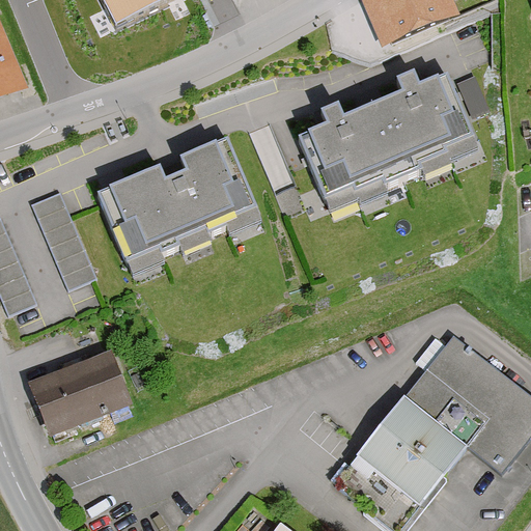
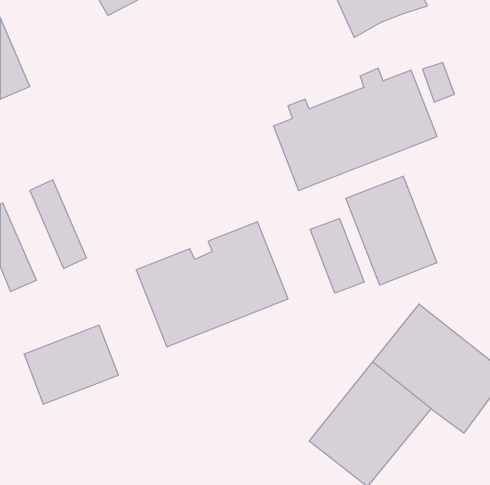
building: [95,139,259,274] -> [136,222,288,347]
building: none -> [346,176,437,285]
building: none -> [310,218,364,293]

